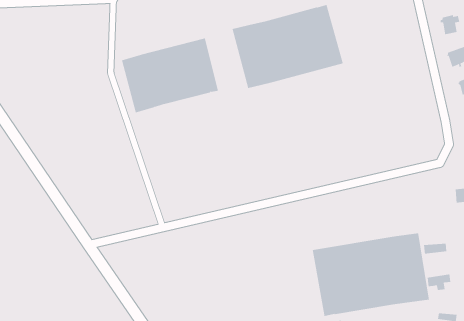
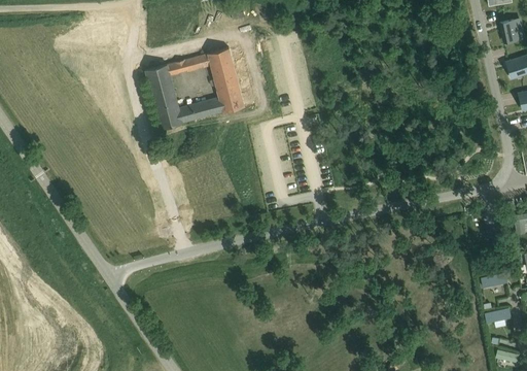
building: [232,4,344,89] -> none
building: [312,232,429,317] -> none

